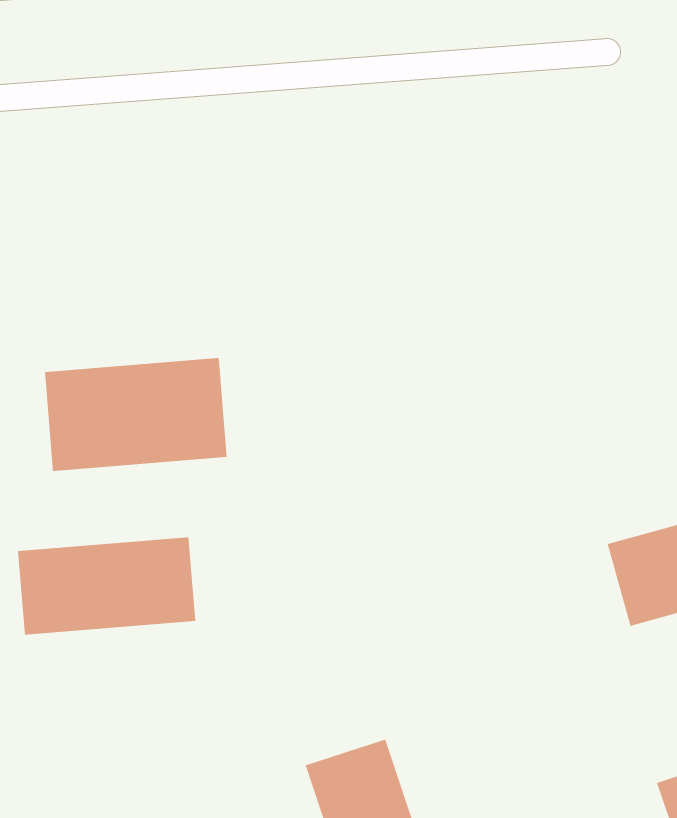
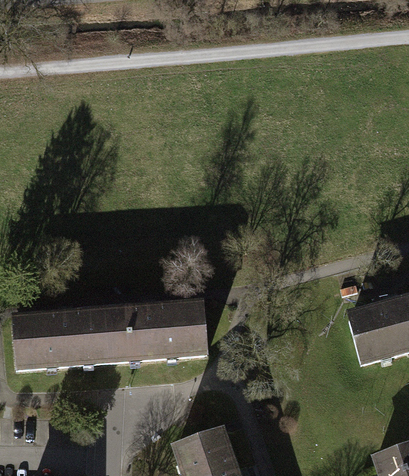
building: [45,357,227,472] -> none
building: none -> [109,305,210,361]

